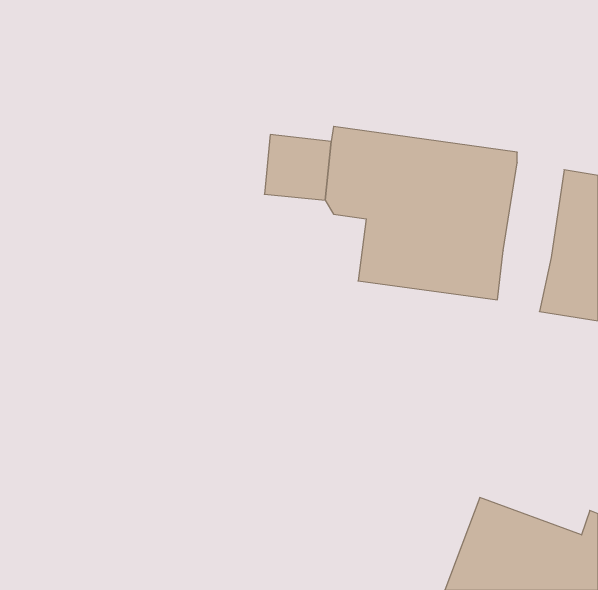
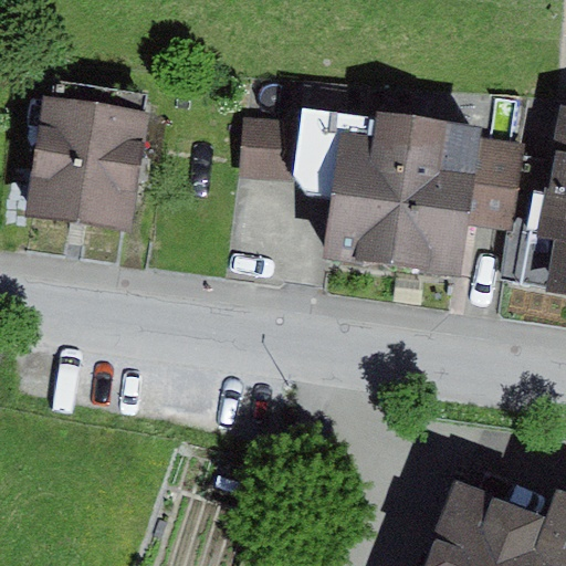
building: none -> [27,73,150,224]
building: none -> [475,154,533,243]

